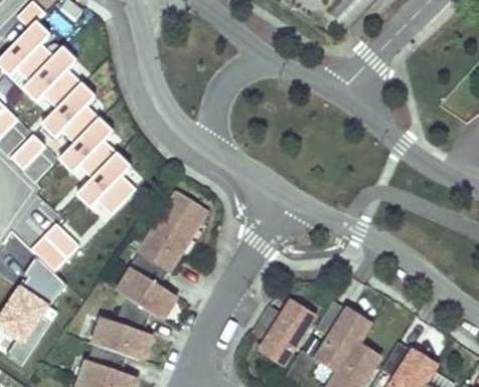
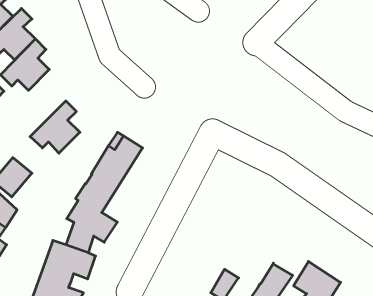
building: [59,121,117,180] -> none
building: [315,301,370,371] -> none
building: [252,302,314,363] -> none

